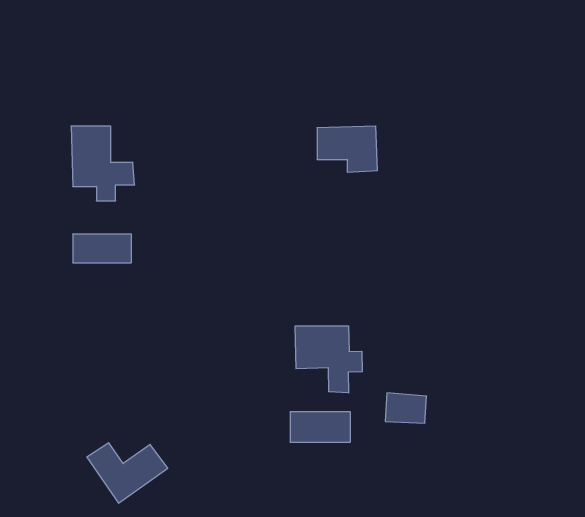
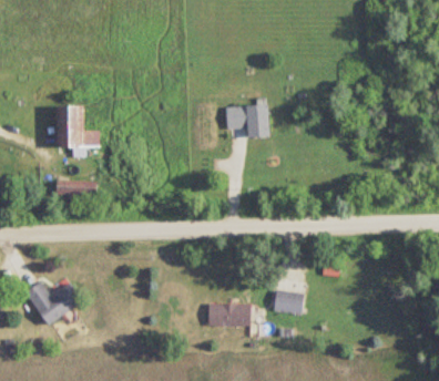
building: [295,326,362,393] -> none
building: [87,443,168,503] -> [24,281,81,323]

